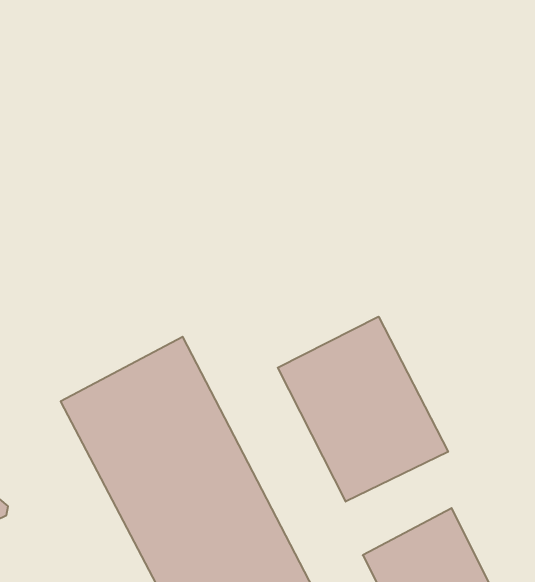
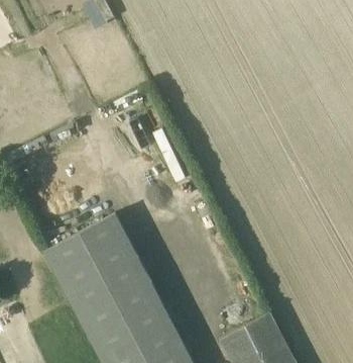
building: [278,317,448,502] -> none

